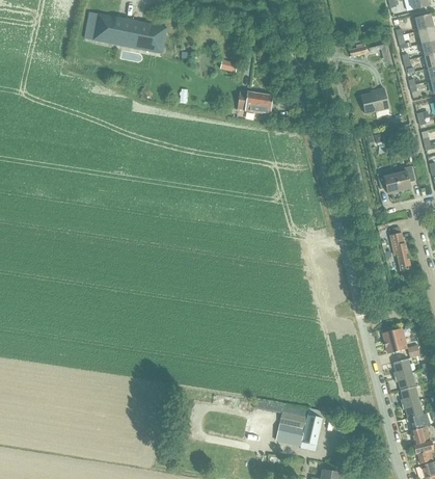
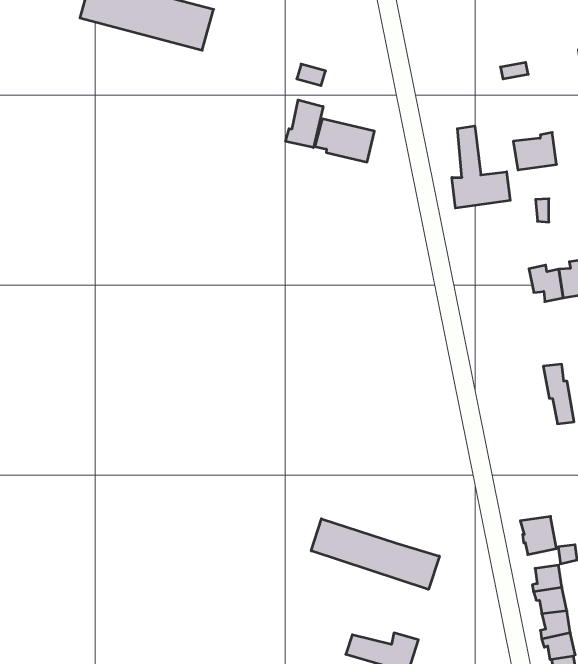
building: none -> [286,100,323,148]
building: none -> [452,126,510,208]
building: none -> [311,519,439,589]

